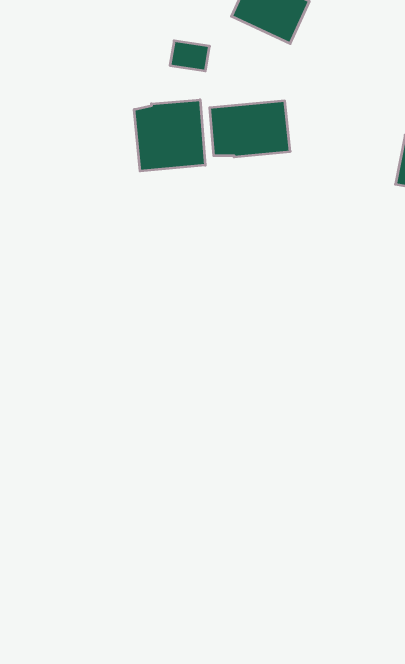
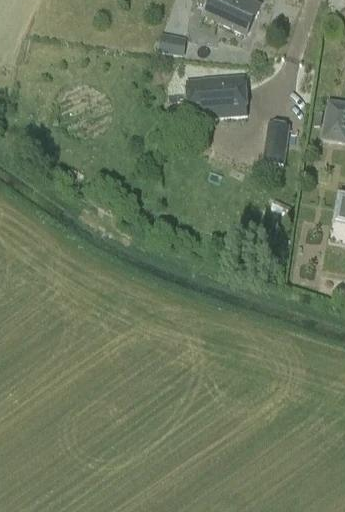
building: [134,100,205,171] -> none
building: none -> [263,119,291,163]

